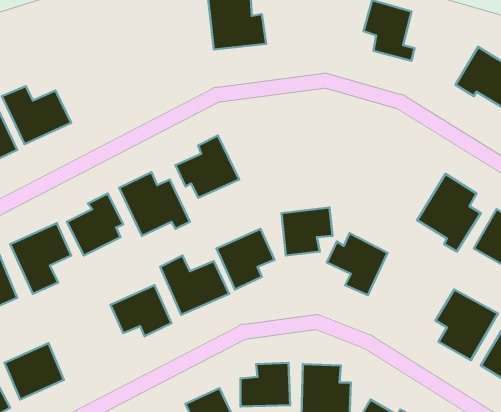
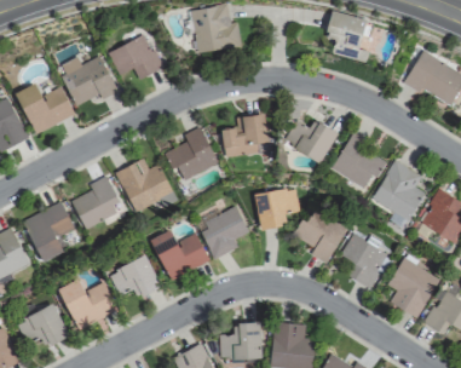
building: none -> [109,34,162,79]
building: none -> [59,54,119,105]
building: none -> [223,113,271,156]
building: none -> [286,119,339,163]
building: none -> [332,133,387,188]
building: none -> [340,234,392,289]
building: none -> [58,278,119,329]

